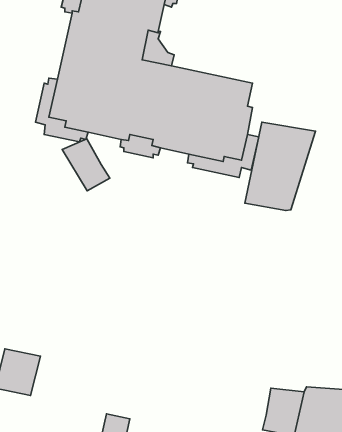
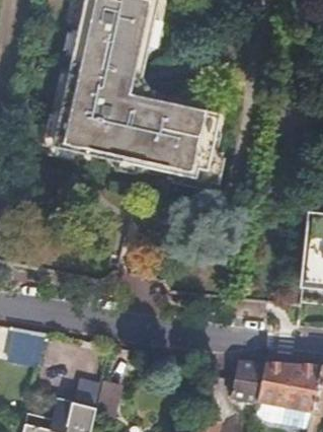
building: [245,122,316,211] -> none
building: [62,139,110,191] -> none

